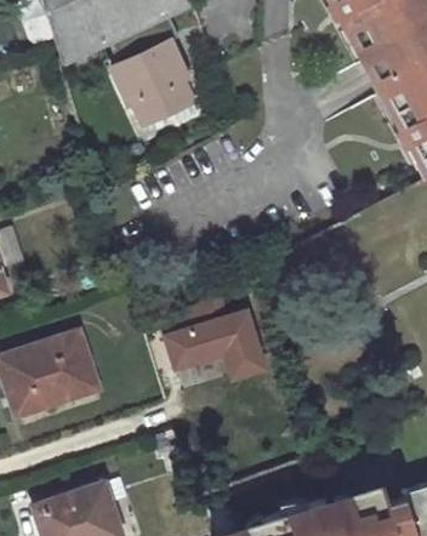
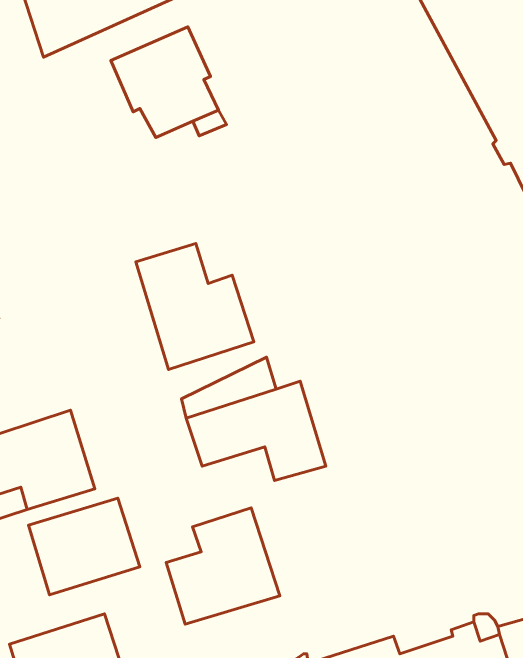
building: none -> [136,244,254,370]
building: none -> [29,498,140,595]
building: none -> [166,508,280,624]

